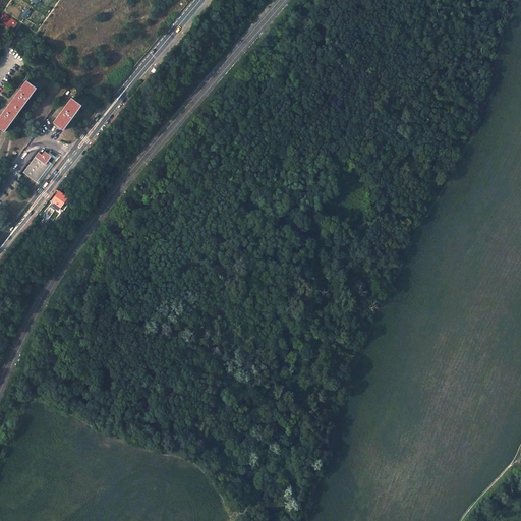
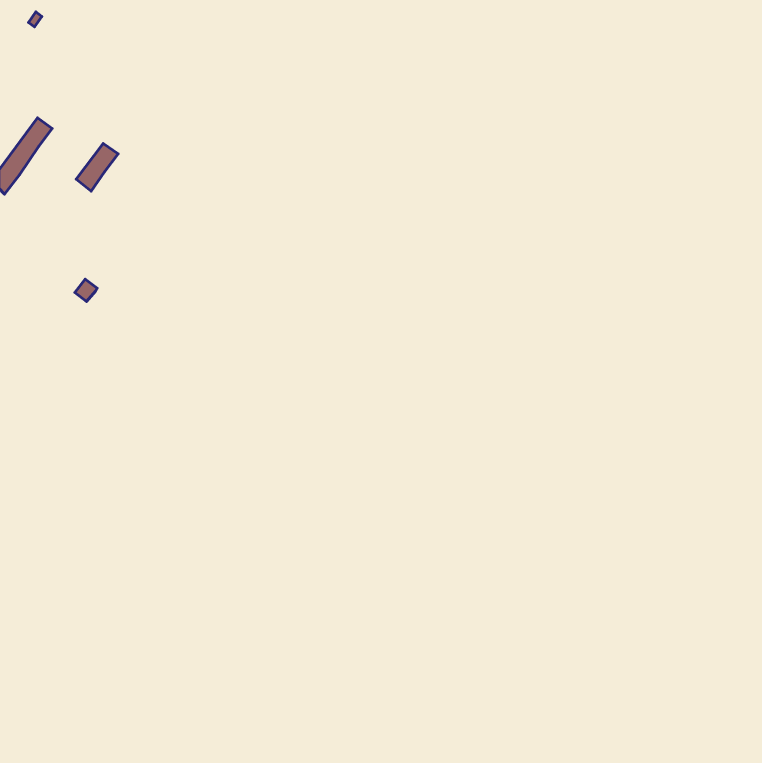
building: [22,151,50,182] -> none

